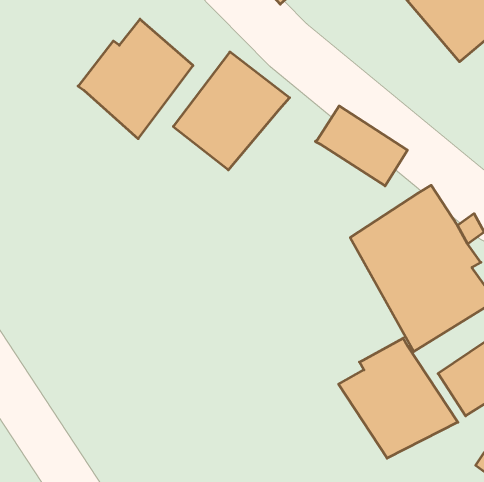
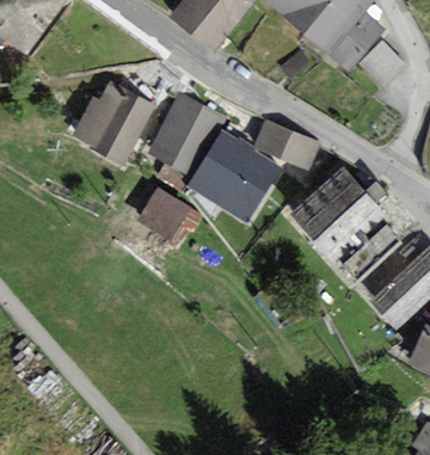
building: none -> [188,128,281,223]
building: none -> [135,186,190,240]
building: [339,338,458,458] -> none

